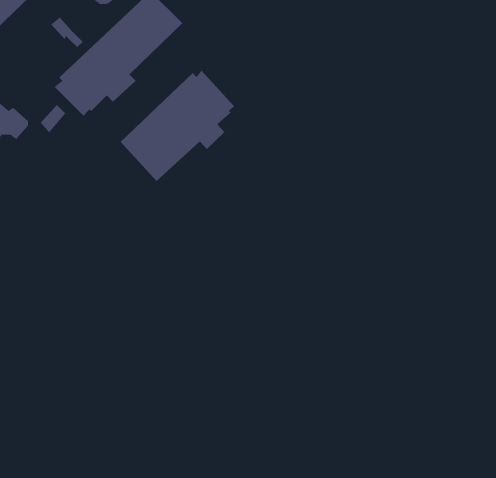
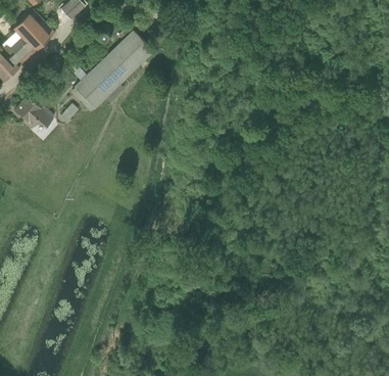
building: [120,70,235,182] -> none

